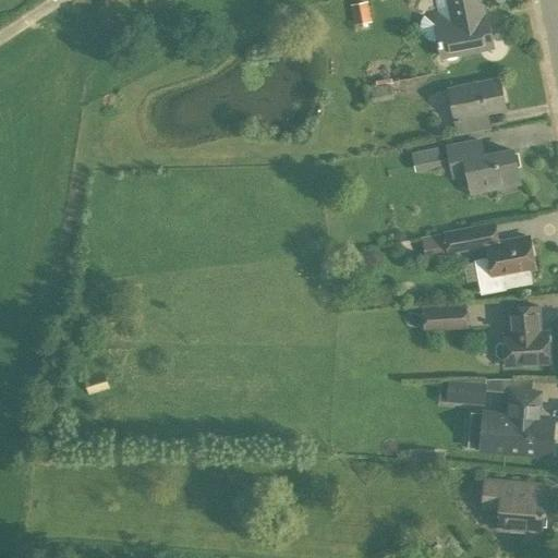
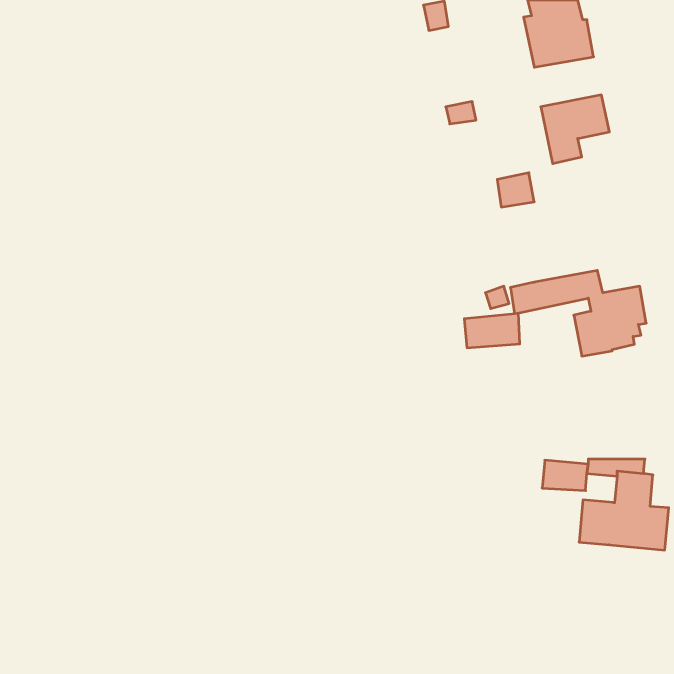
building: [445,138,518,192] -> none
building: [422,303,468,331] -> [464,314,520,348]
building: [499,305,548,365] -> none
building: [481,480,546,532] -> none

